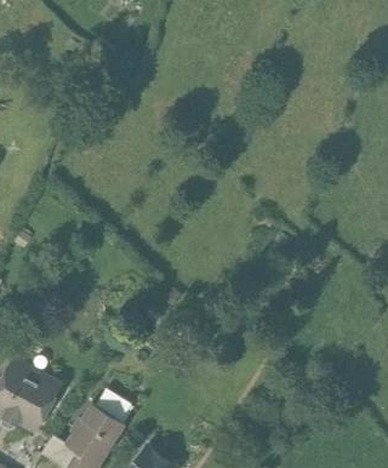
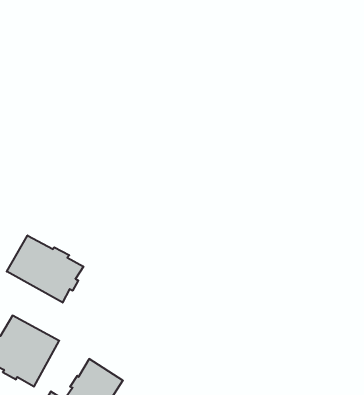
building: none -> [7,235,83,303]

